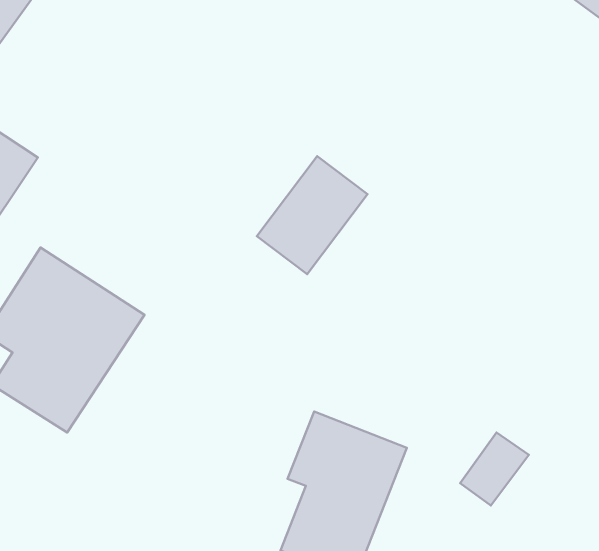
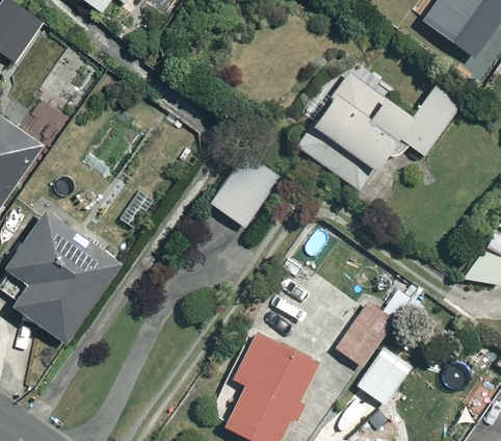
building: none -> [296,64,456,184]
building: none -> [331,302,393,368]

